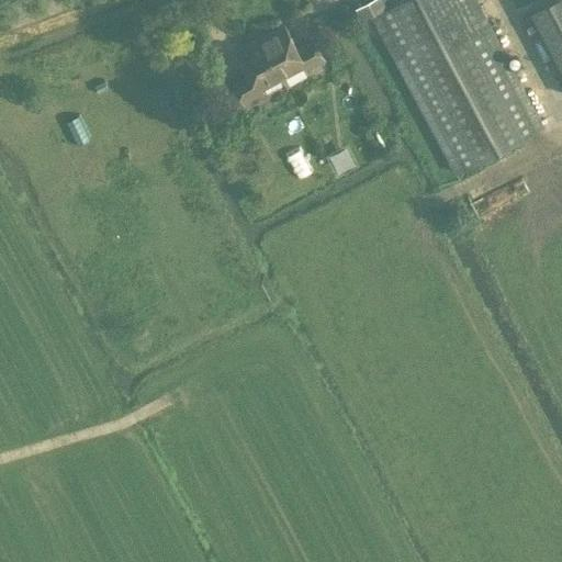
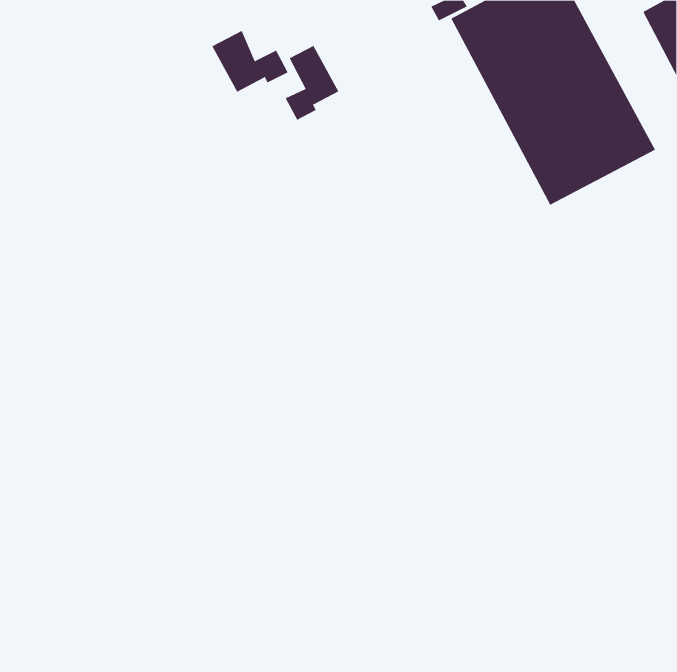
building: [260,29,324,80] -> [212,30,288,92]

